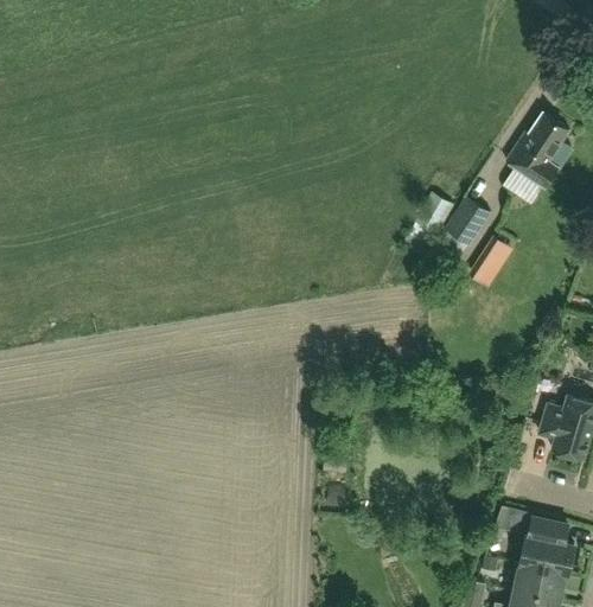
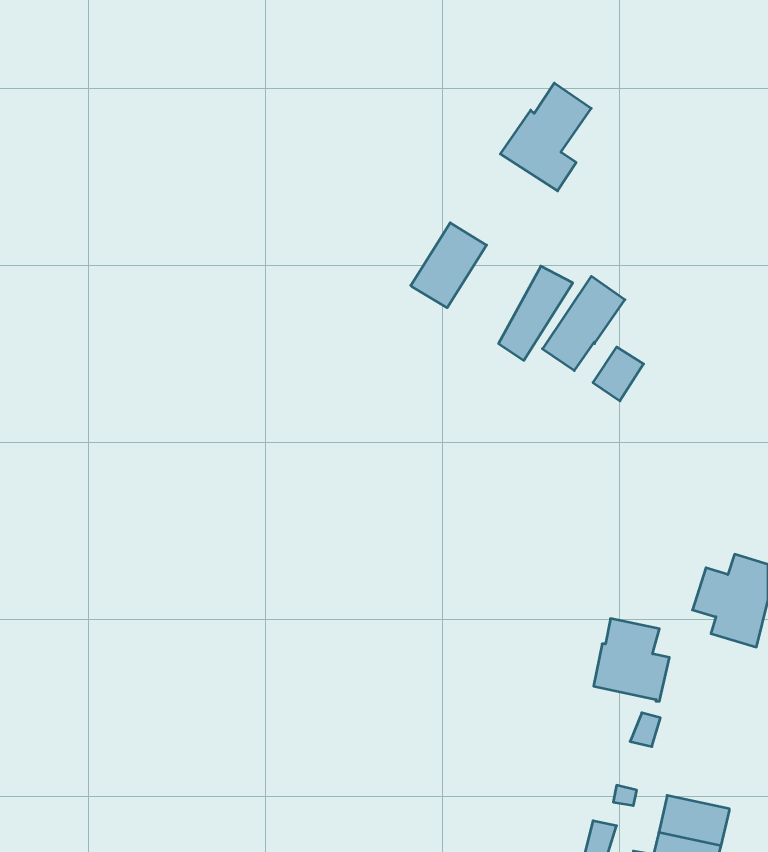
building: [505,110,569,186] -> [500,83,591,191]
building: none -> [411,223,487,308]
building: [521,516,574,574] -> [594,619,669,701]

